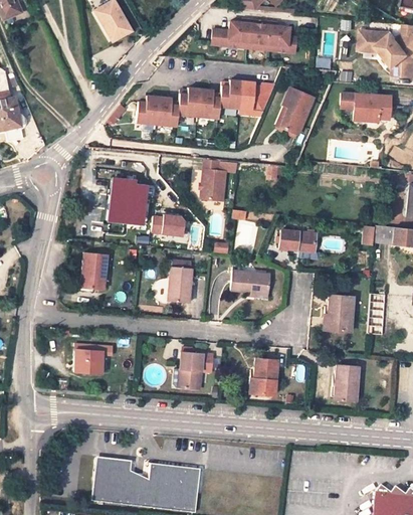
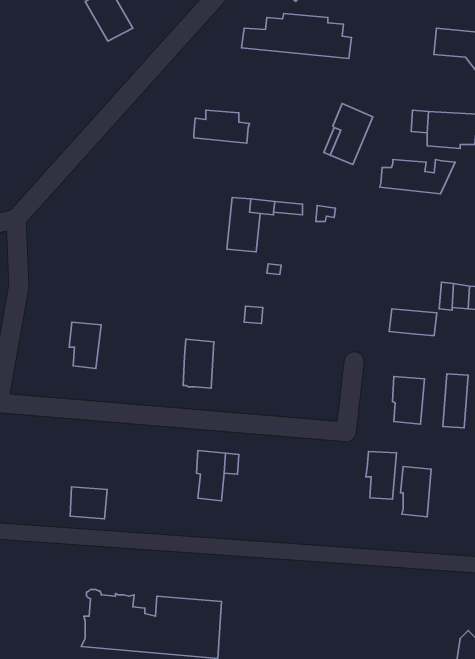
building: [218,84,275,111] -> [380,159,455,194]
building: [135,101,177,126] -> none
building: [109,178,144,222] -> none
building: [153,214,185,234] -> none
building: [279,230,316,250] -> [389,309,437,335]
building: [233,271,270,294] -> none
building: [74,349,102,373] -> [70,487,107,519]
building: [253,359,276,395] -> [366,452,396,499]

